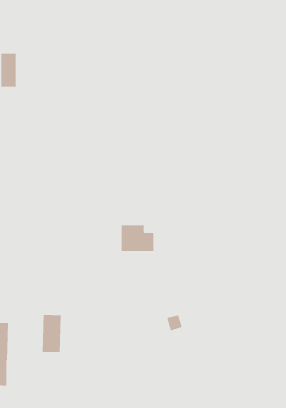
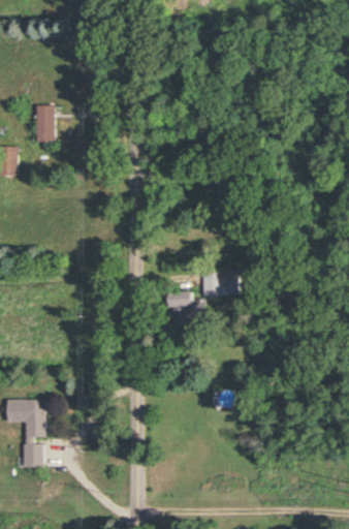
building: none -> [202,270,236,297]
building: [42,314,61,353] -> none

